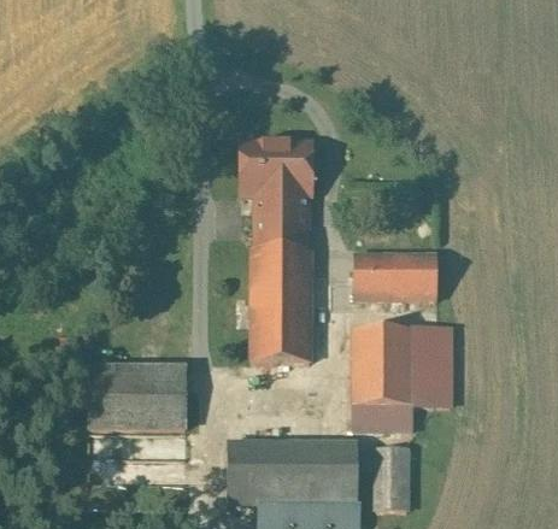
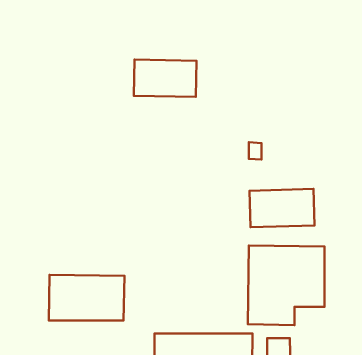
building: none -> [134,60,196,97]
building: [241,141,313,364] -> none

